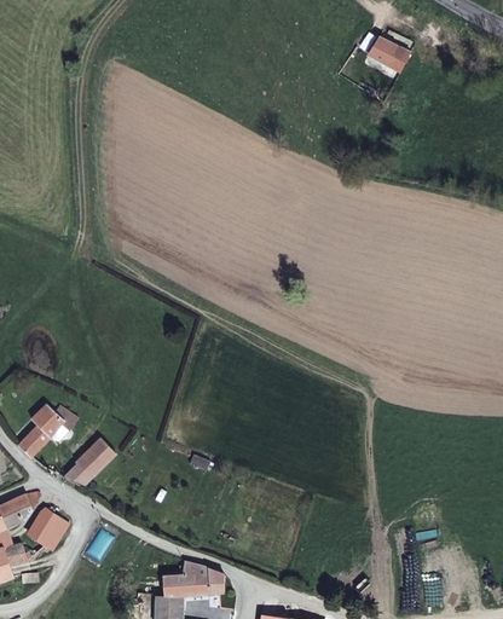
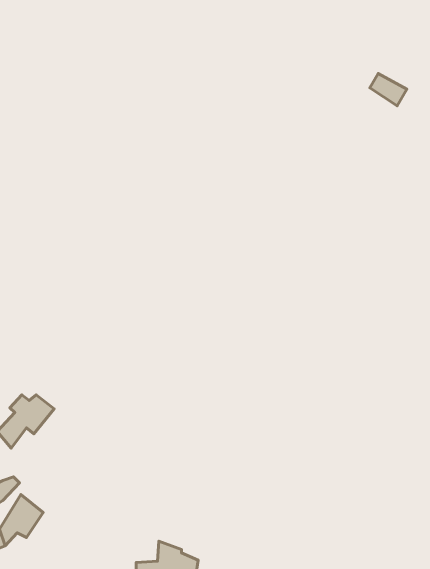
building: [363,40,400,73] -> [370,74,407,106]
building: [65,447,106,490] -> none

